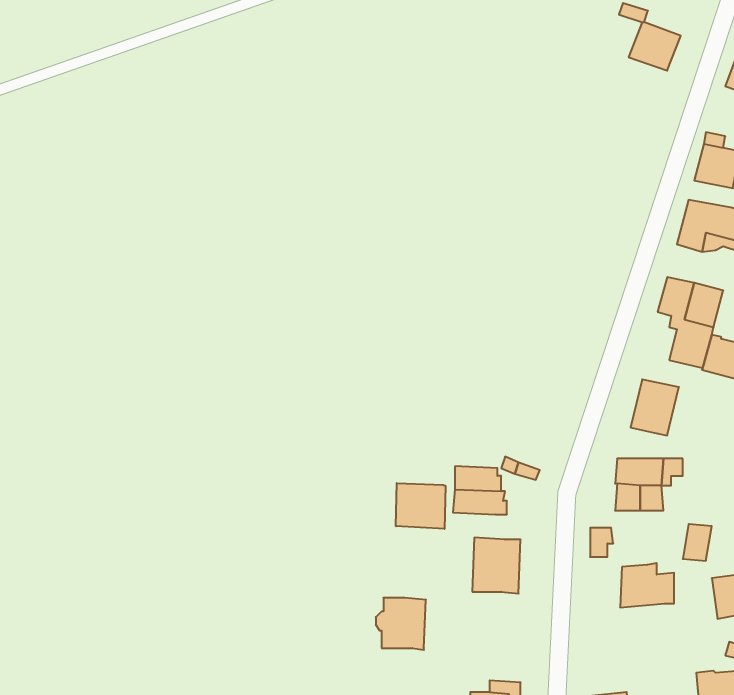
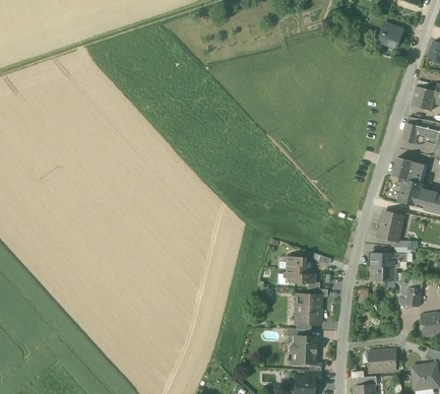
building: [396,483,445,529] -> none
building: [620,563,674,607] -> [368,349,396,373]
building: [376,598,426,650] -> [289,336,315,364]

